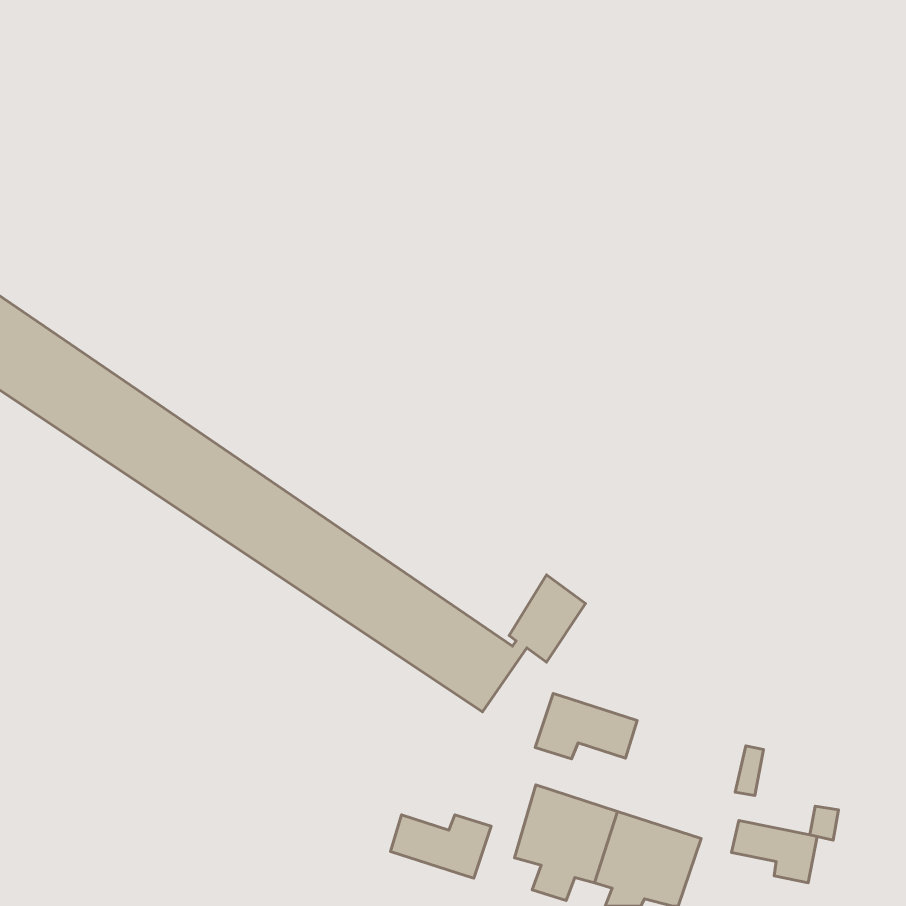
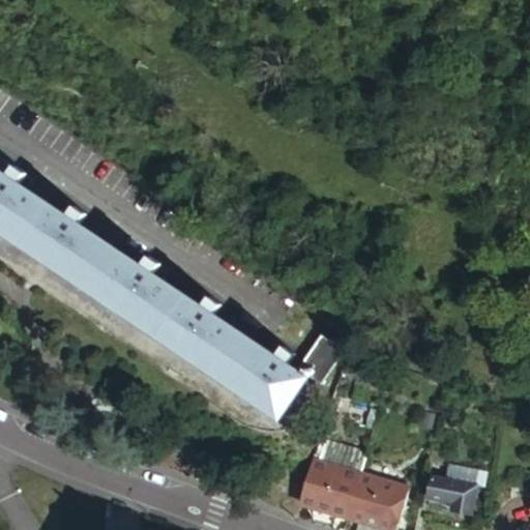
building: [535,694,637,759] -> none
building: [390,815,491,878] -> none

